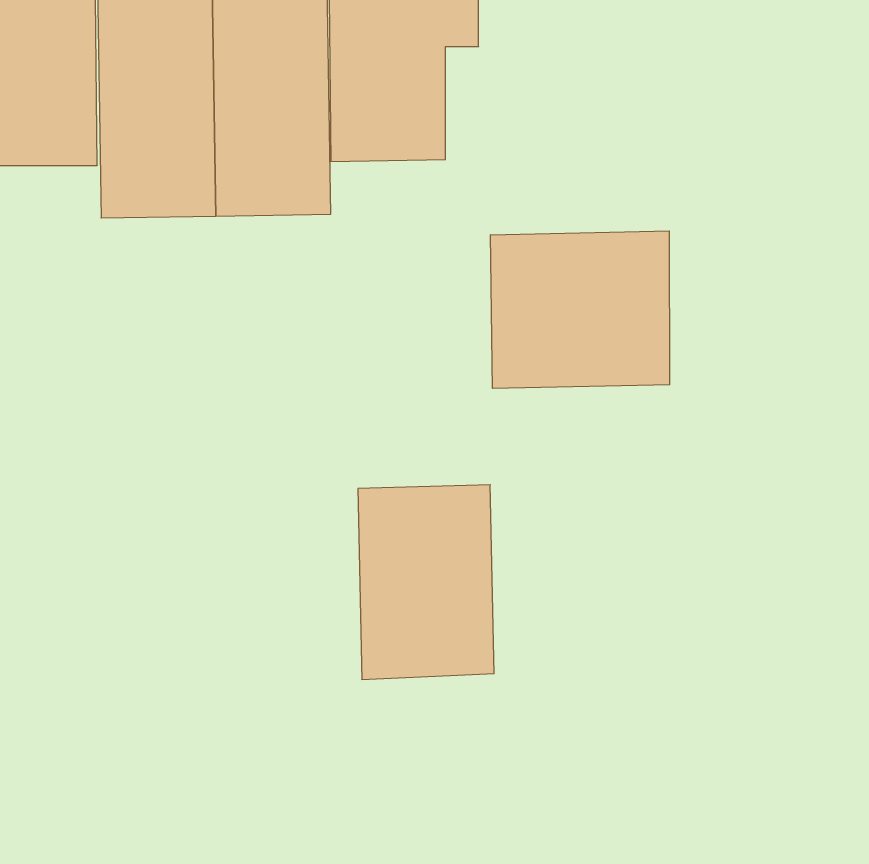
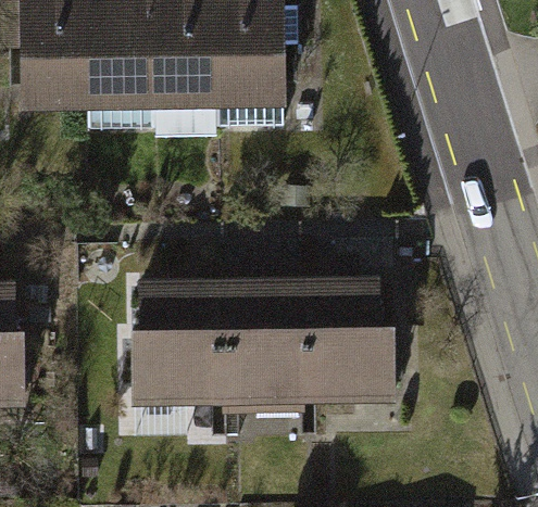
building: [491,231,670,388] -> none
building: none -> [304,287,396,394]
building: none -> [142,291,233,398]

